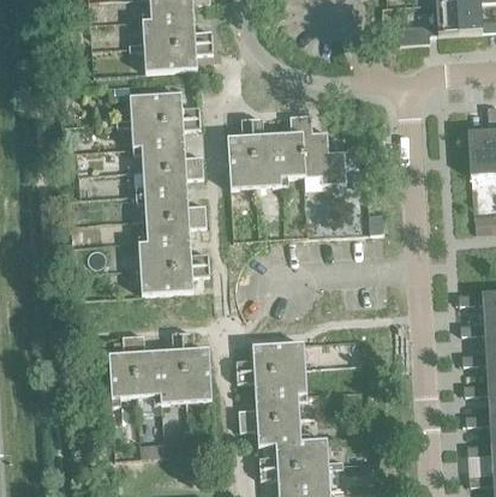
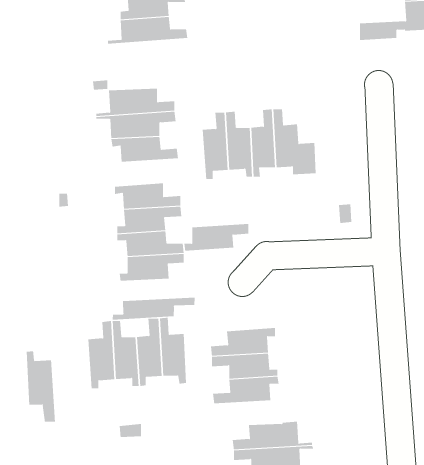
building: [129,42,213,72] -> none
building: [135,167,203,196] -> [183,224,249,251]
building: none -> [112,297,195,320]
building: none -> [26,350,55,422]
building: [239,418,310,445] -> none

